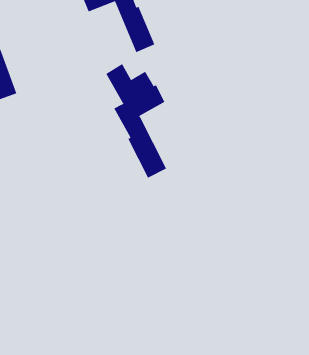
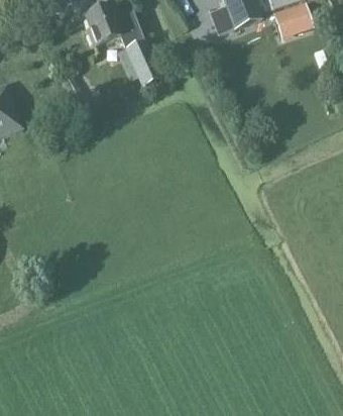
building: [106,63,167,178] -> none

